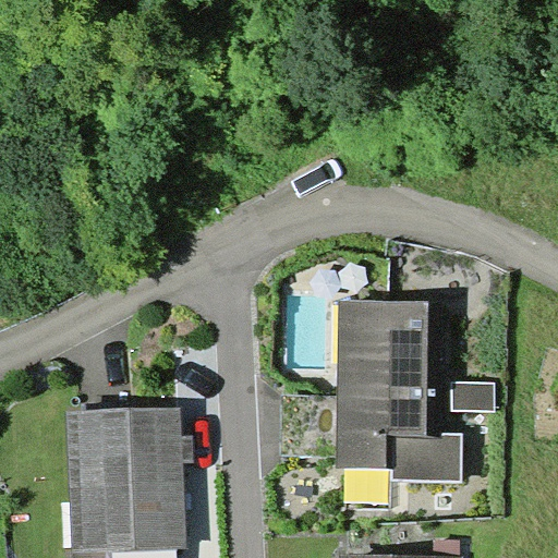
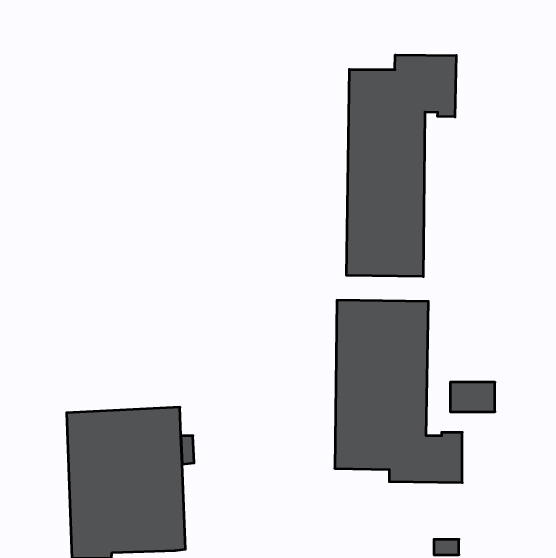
building: none -> [347,55,456,277]

